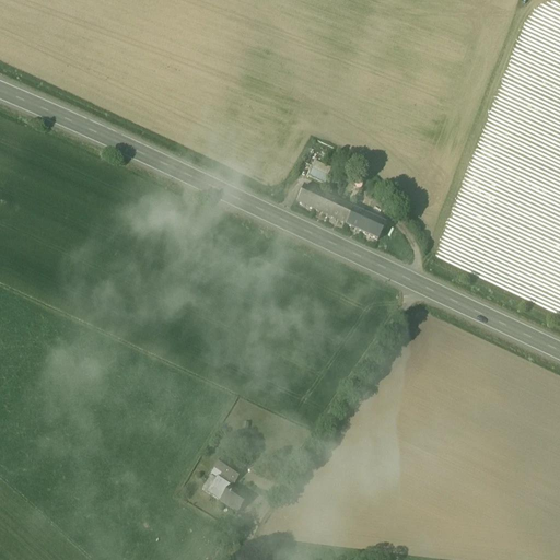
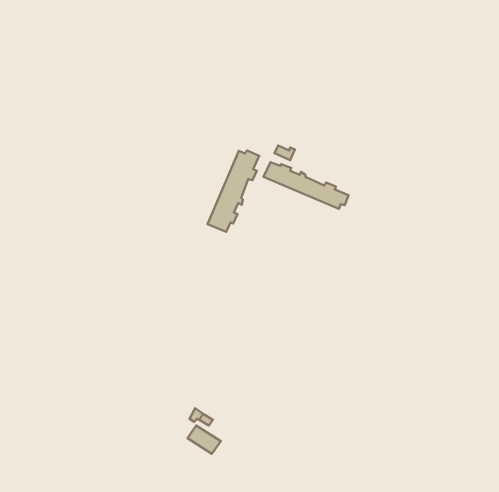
building: none -> [207,150,259,232]

